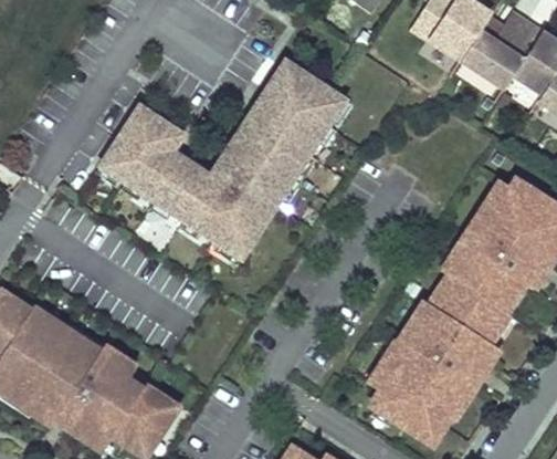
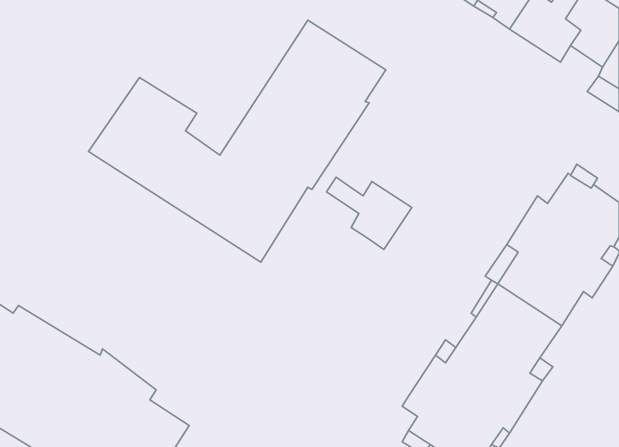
building: none -> [326,177,412,249]

